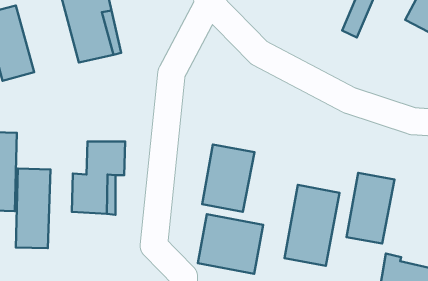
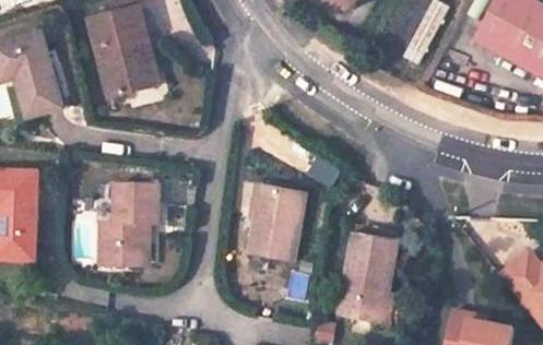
building: [16,169,51,248] -> none
building: [347,173,395,244] -> none
building: [198,214,263,274] -> none

